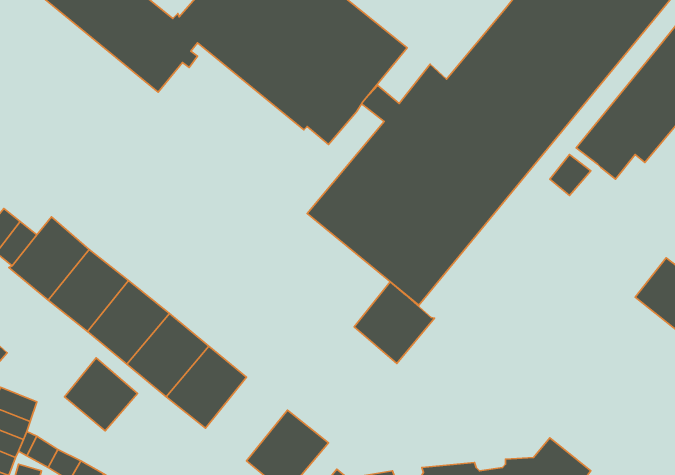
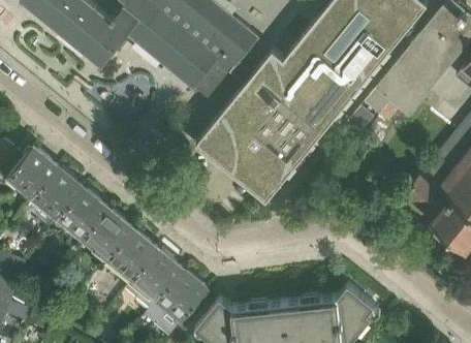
building: [354,282,434,364] -> none
building: [64,358,138,431] -> none
building: none -> [131,249,183,302]

